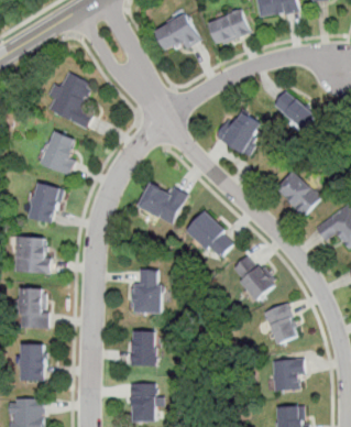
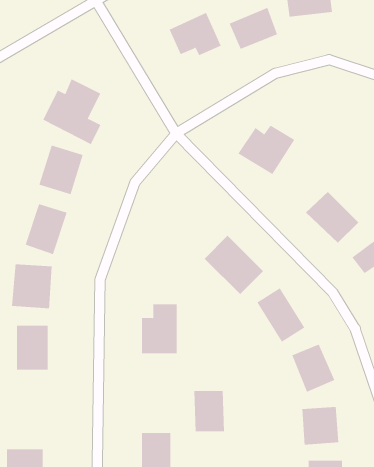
building: [272,89,317,133] -> none
building: [138,179,187,227] -> none
building: [129,330,156,366] -> [193,391,225,432]
building: [20,343,45,382] -> none

